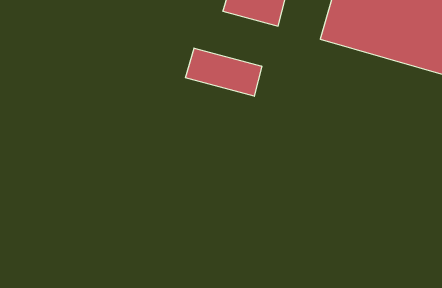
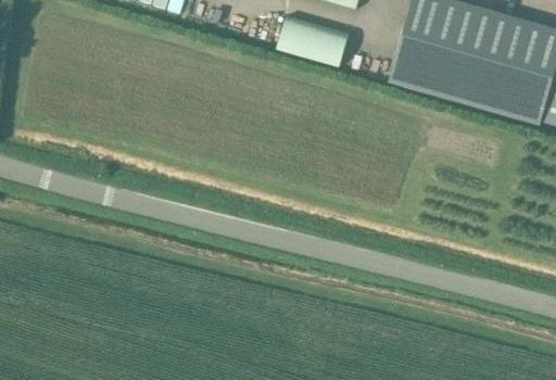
building: [186,48,262,96] -> none

